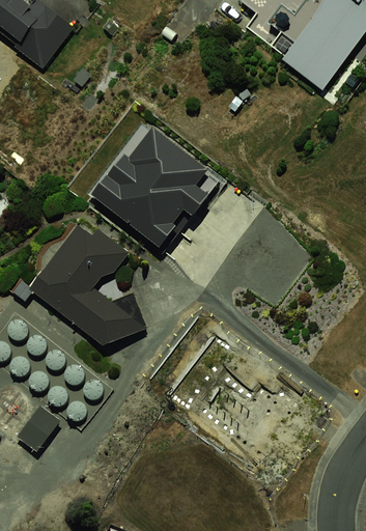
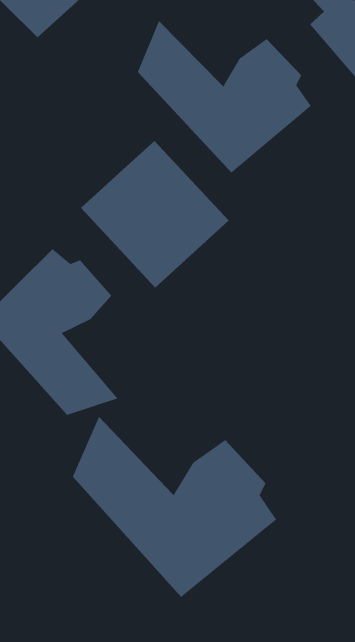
building: none -> [137,20,311,173]
building: none -> [72,416,277,598]

